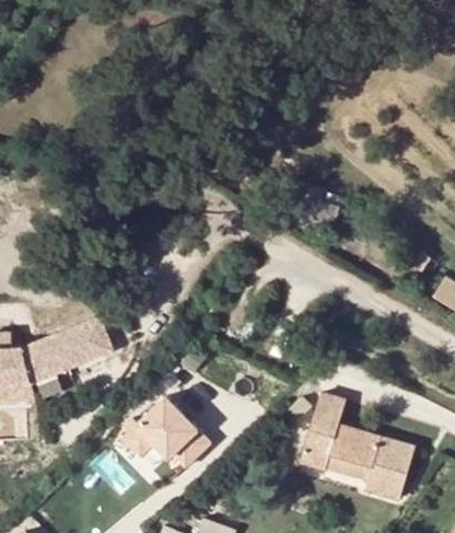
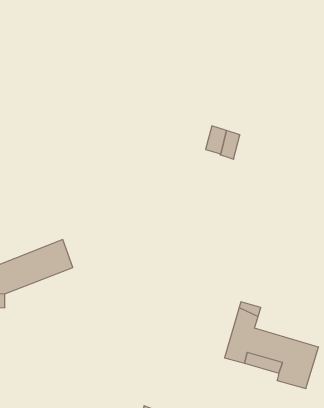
building: [120,407,211,475] -> none

